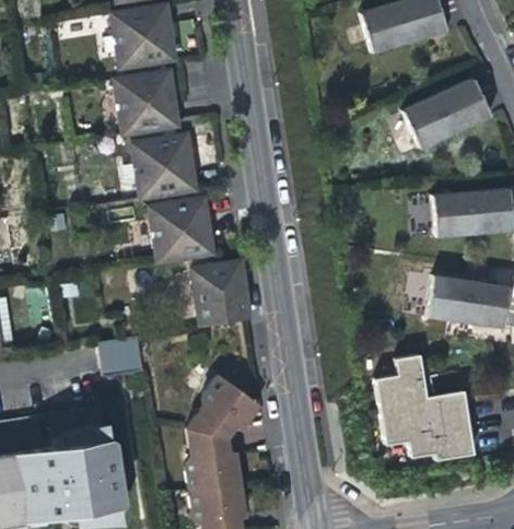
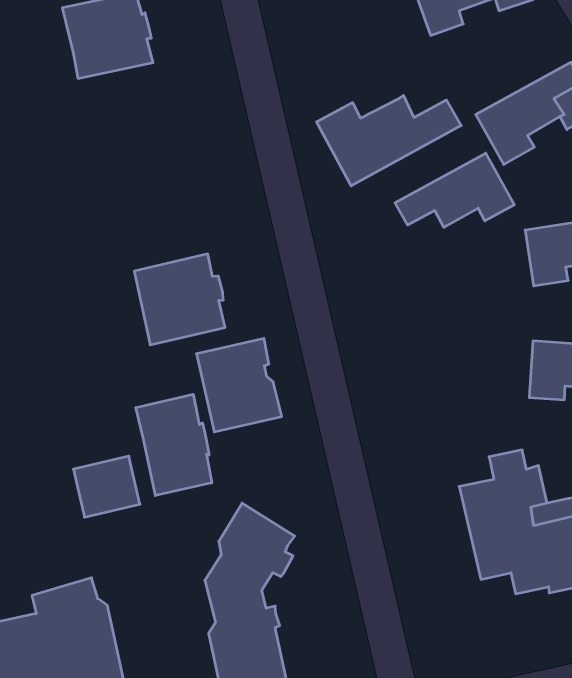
building: [116,70,178,131] -> none
building: none -> [317,95,461,186]
building: [133,133,196,195] -> none
building: none -> [395,153,514,227]
building: none -> [136,394,212,496]

